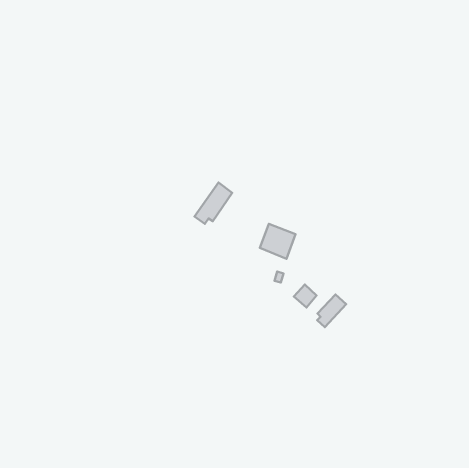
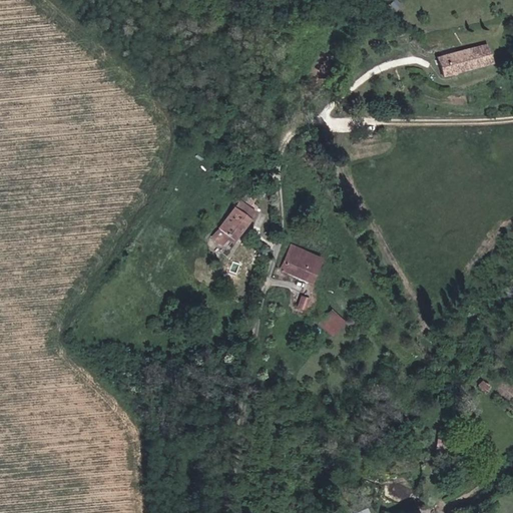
building: none -> [438,43,492,75]
building: [317,295,346,327] -> none

